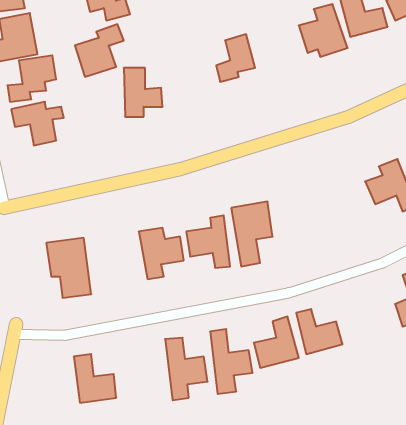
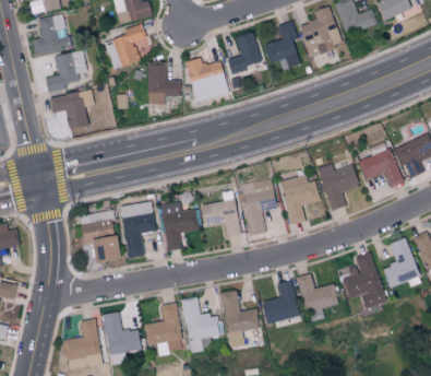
building: none -> [264,21,301,70]
building: none -> [184,57,230,102]
building: none -> [318,163,359,210]
building: none -> [280,174,321,224]
building: none -> [121,201,157,258]
building: none -> [340,252,388,313]
building: none -> [145,303,183,353]
building: none -> [64,318,101,368]

